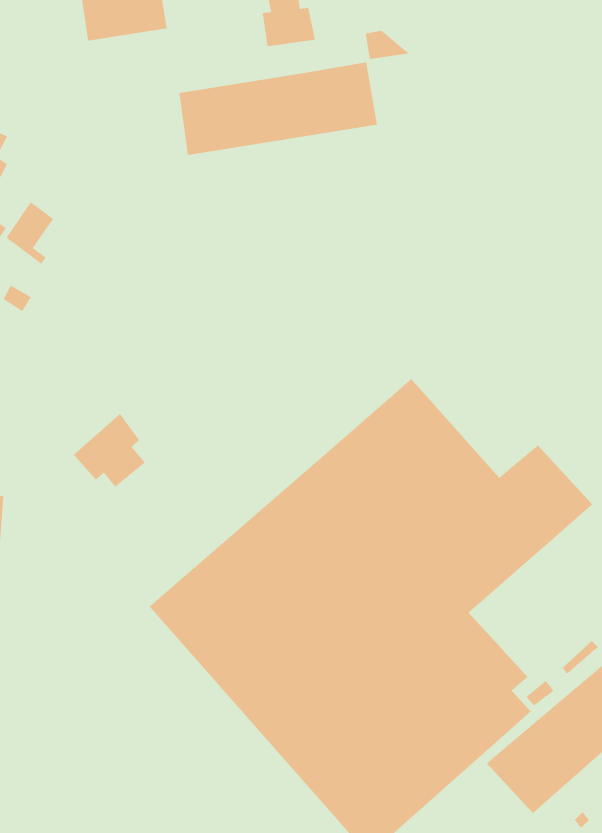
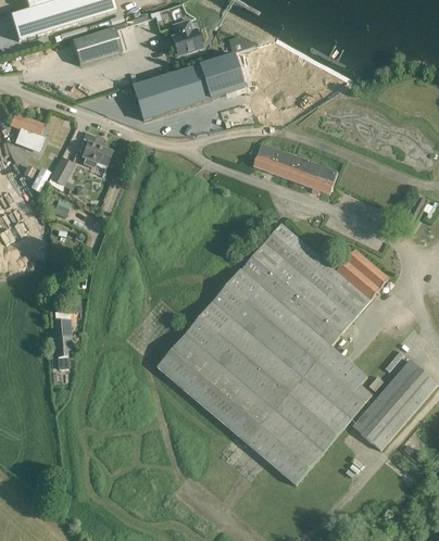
building: none -> [81,134,113,166]
building: none -> [254,143,338,192]
building: [73,413,146,488] -> none

